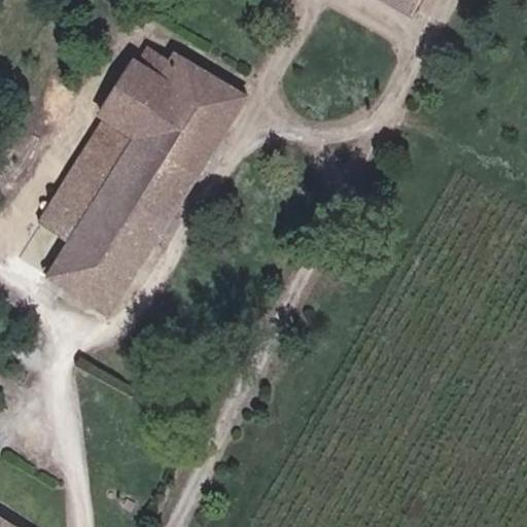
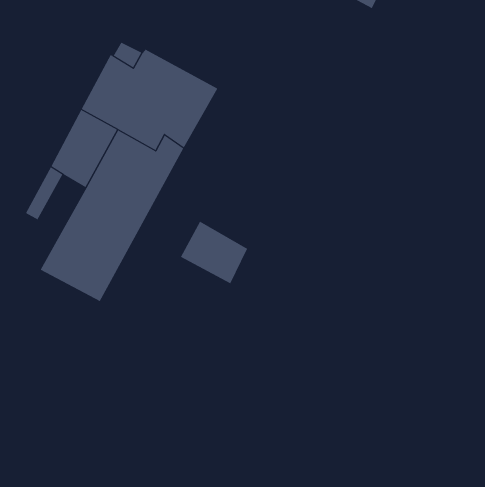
building: [54,184,104,246] -> none
building: none -> [180,221,248,284]

